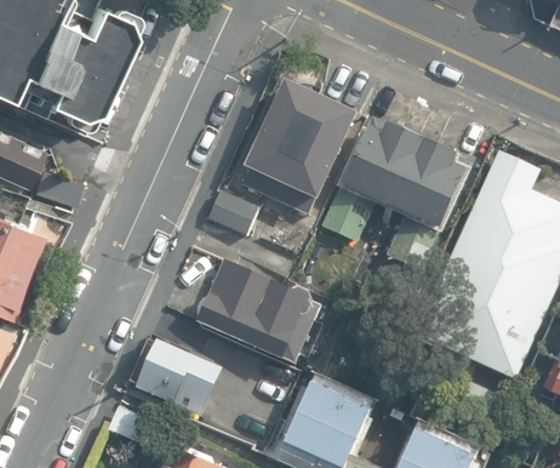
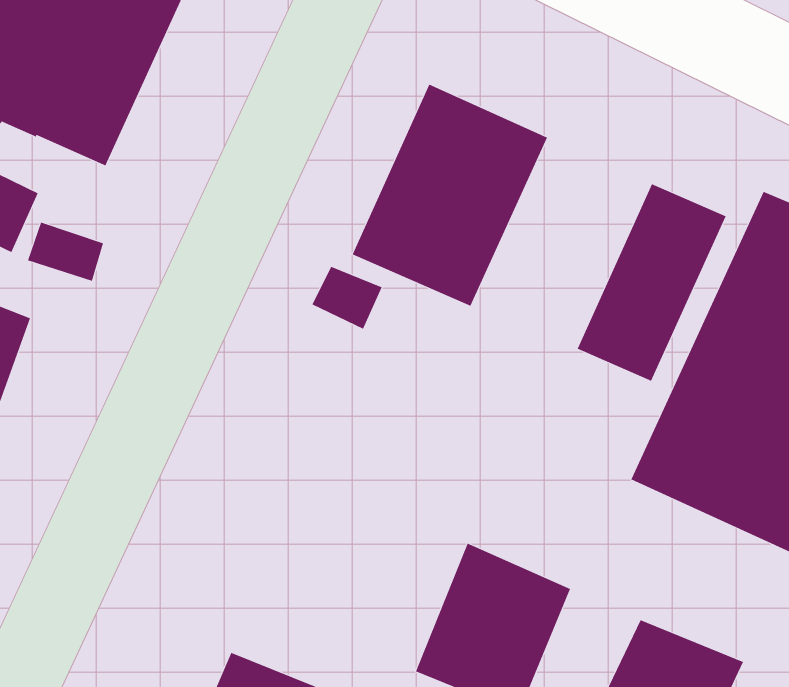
building: [324,119,428,250] -> none
building: [196,262,327,364] -> none
building: [135,341,223,415] -> none

